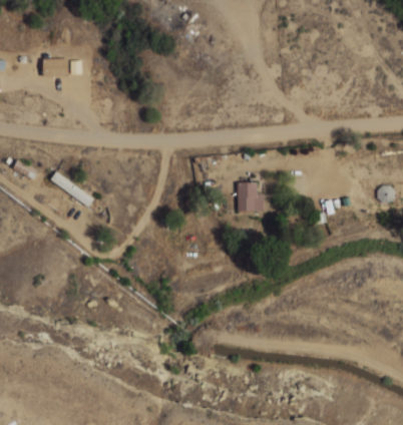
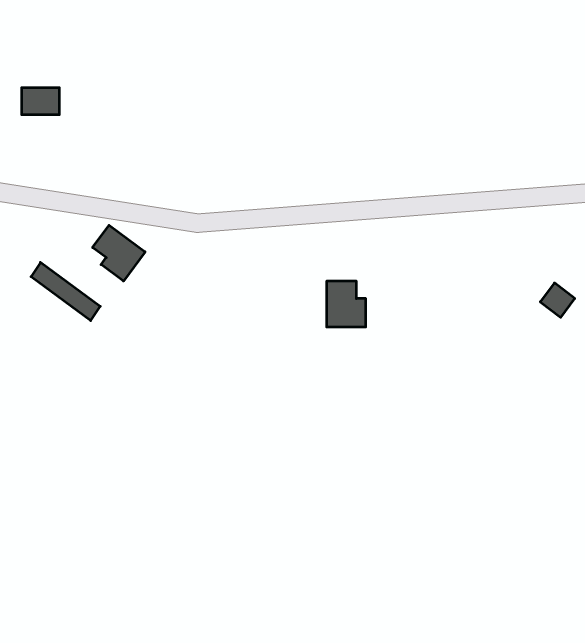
building: none -> [93,225,145,281]

